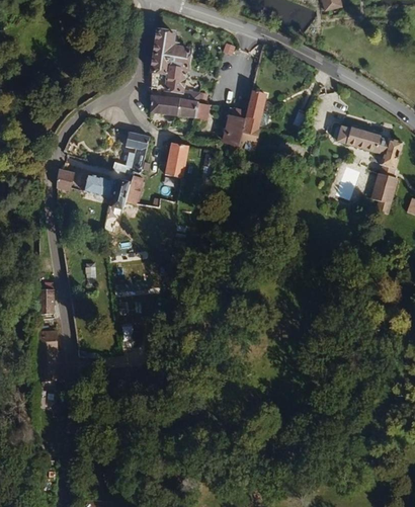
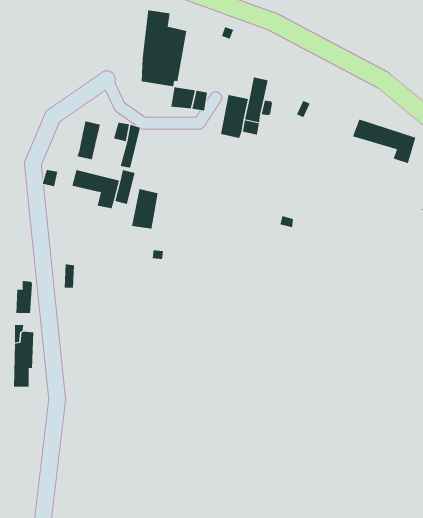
building: [149,93,179,116] -> none
building: none -> [77,121,101,160]
building: [163,141,188,178] -> [131,189,159,229]
building: [371,165,399,212] -> none

